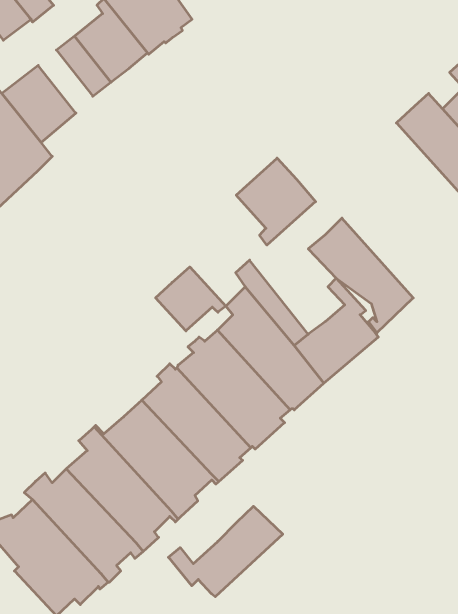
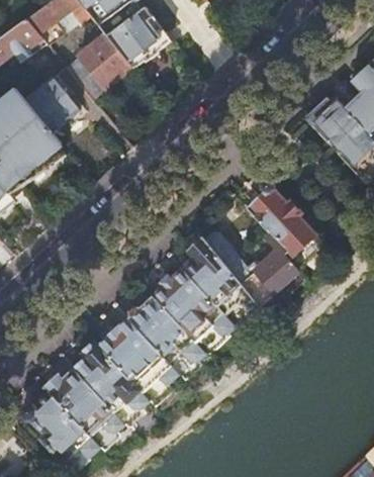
building: [236,158,316,245] -> none
building: [156,267,226,331] -> none
building: [168,506,283,597] -> none

